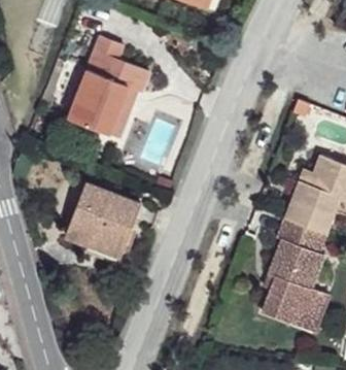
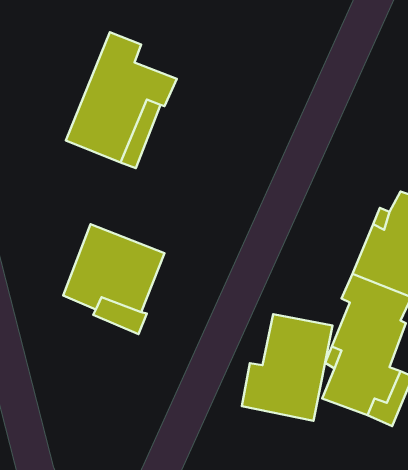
building: none -> [242,314,333,421]

